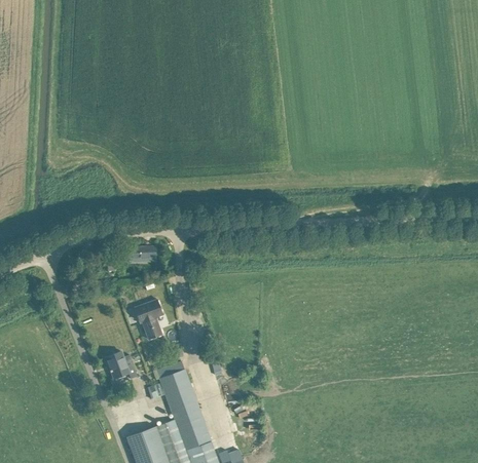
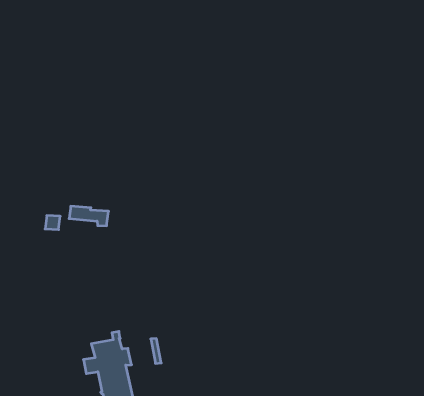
building: [134,300,162,340] -> none
building: [104,352,137,380] -> none

